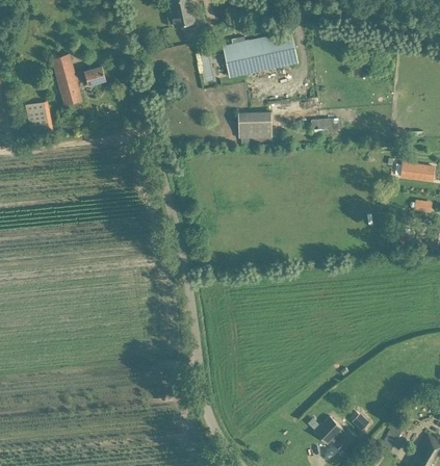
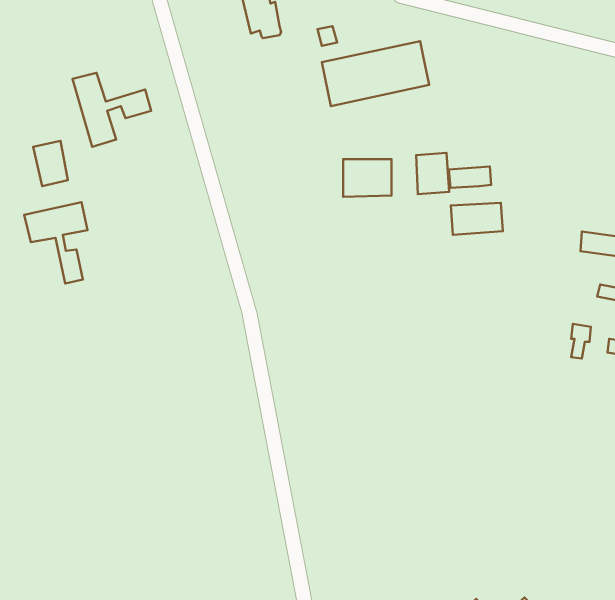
building: none -> [416,153,449,194]
building: none -> [24,202,87,283]
building: none -> [451,203,503,235]

